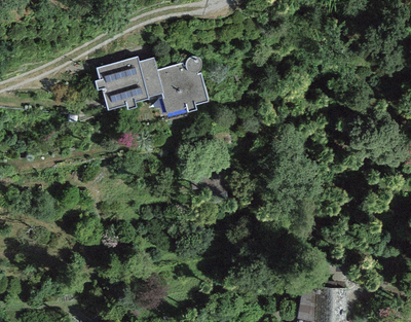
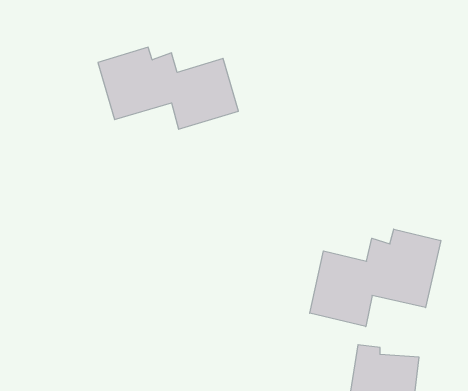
building: none -> [310,229,441,327]

